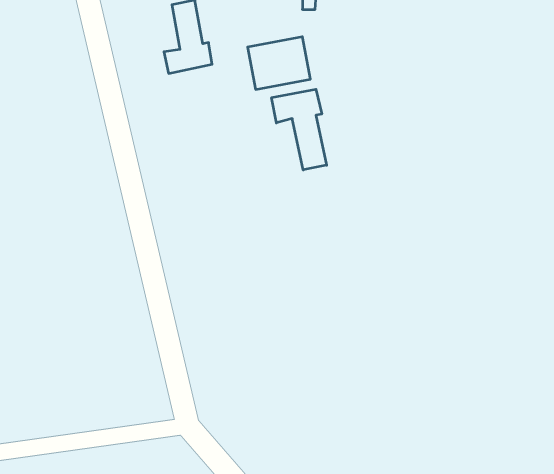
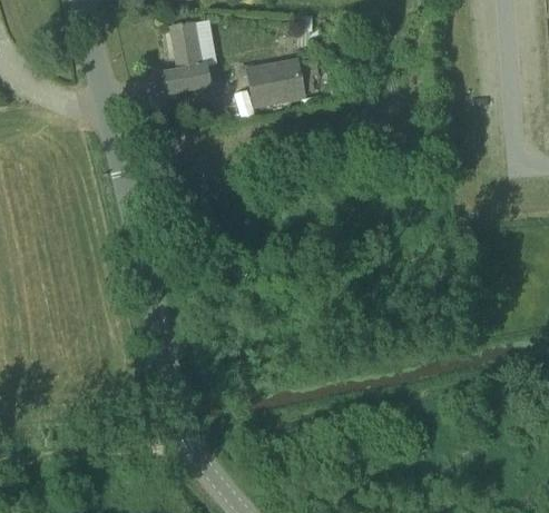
building: [272,89,327,170] -> none

